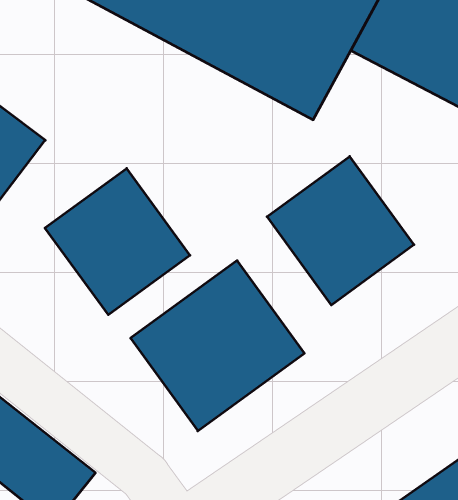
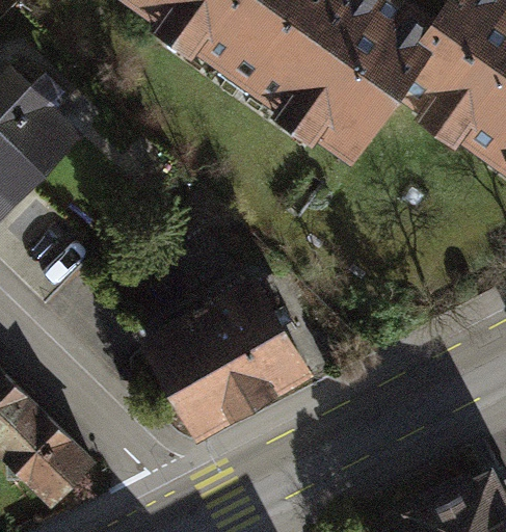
building: [267,156,414,305] -> none
building: [45,168,190,315] -> none

